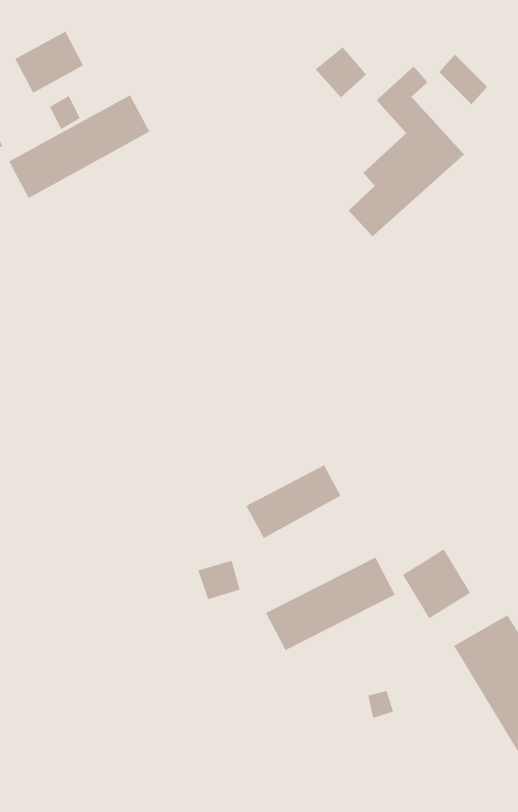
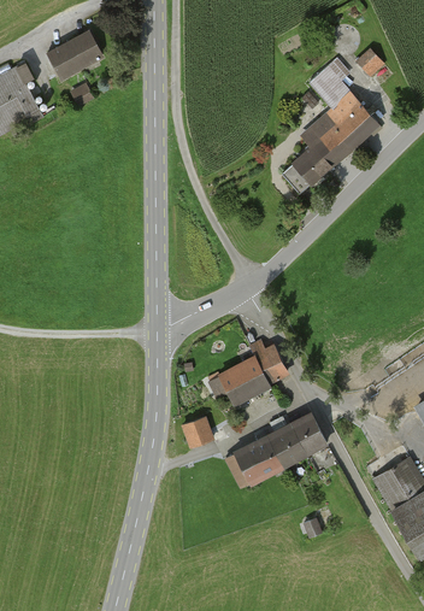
building: [315,46,367,98] -> none
building: [8,95,150,199] -> none
building: [402,548,471,619] -> none

